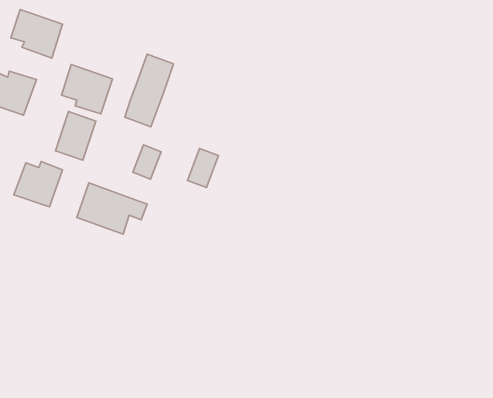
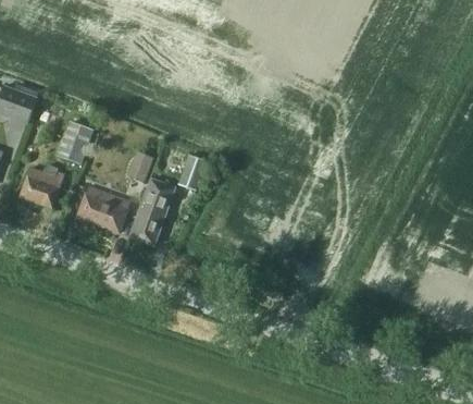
building: [11,9,63,58] -> none
building: [125,54,173,127] -> [130,179,175,245]
building: [61,64,112,114] -> none

